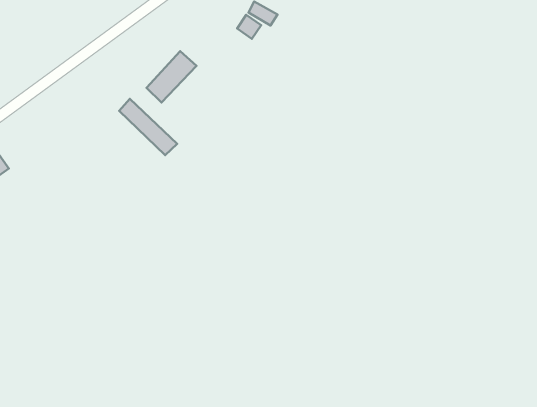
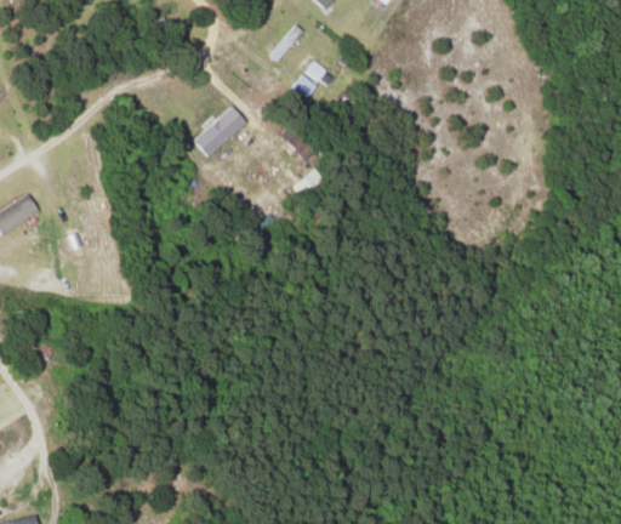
building: [119,99,177,155] -> none

